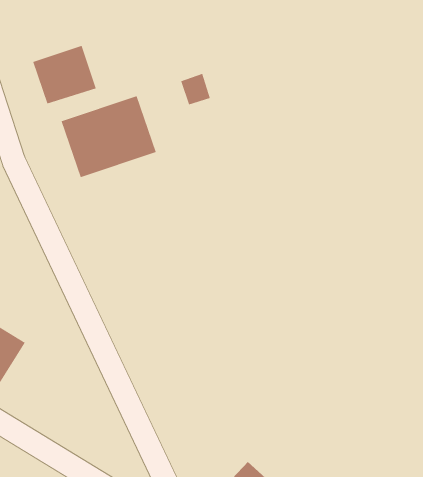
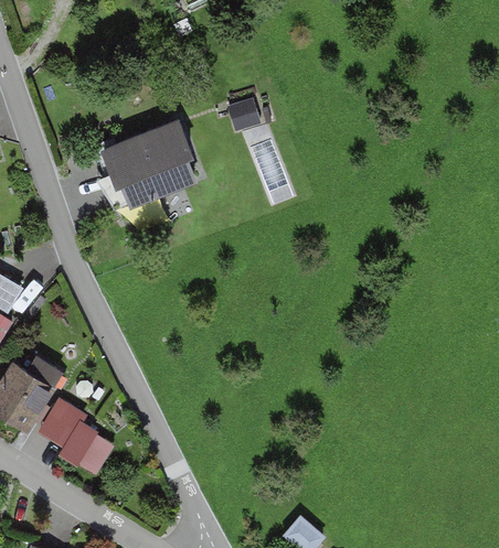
building: [32,45,97,105] -> none
building: none -> [40,390,118,471]

